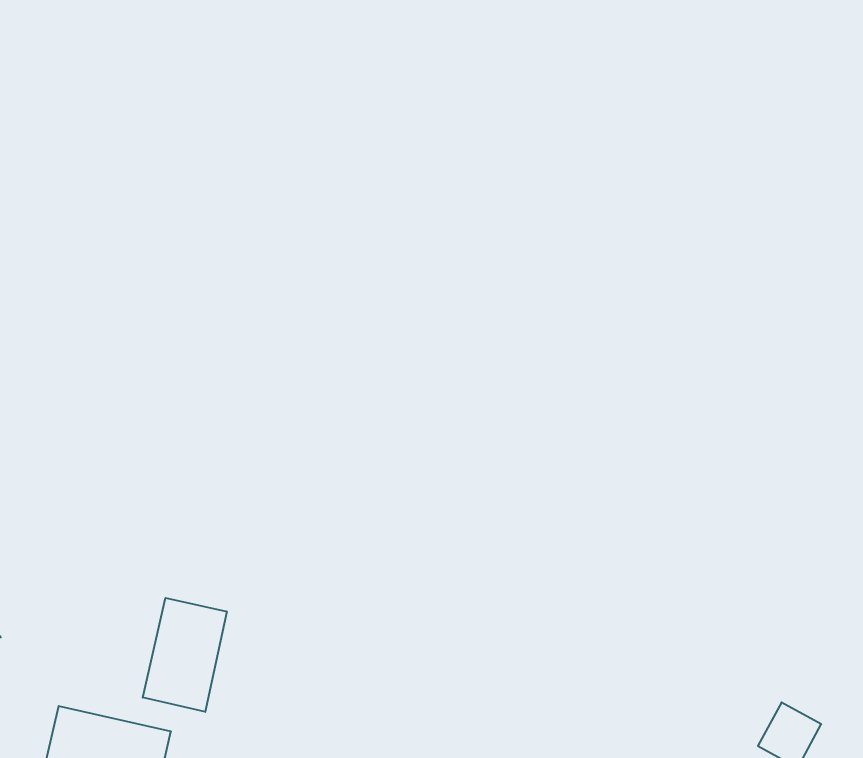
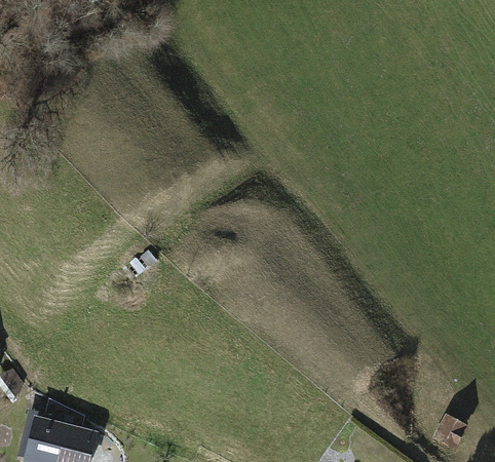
building: [143,598,227,712] -> none

